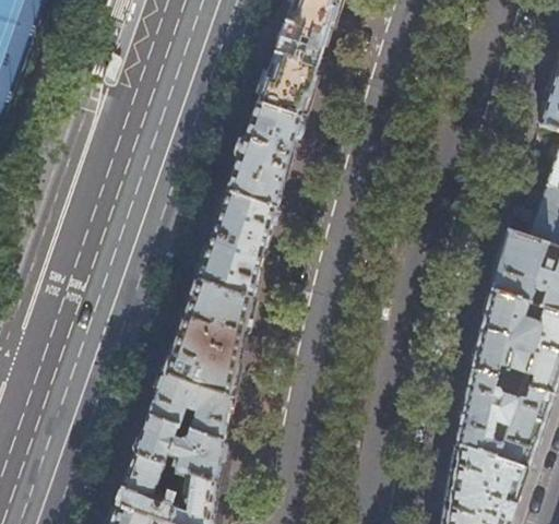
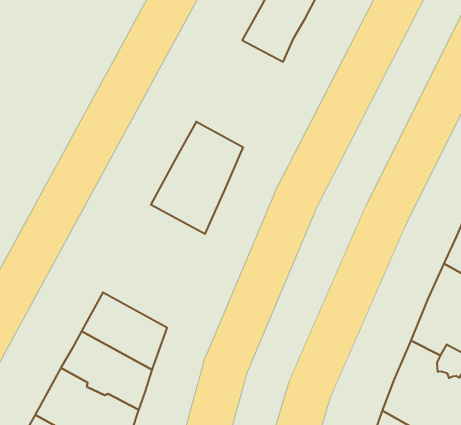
building: [227,104,302,209] -> none
building: [164,279,254,397] -> none

